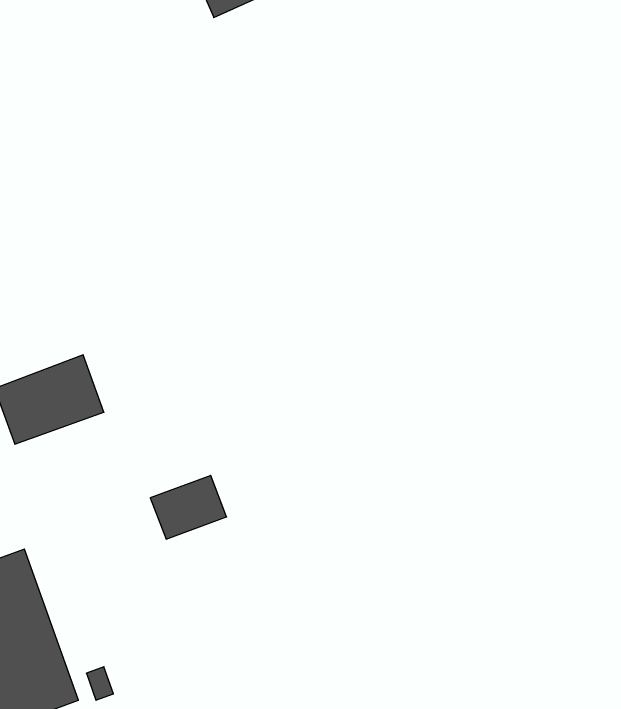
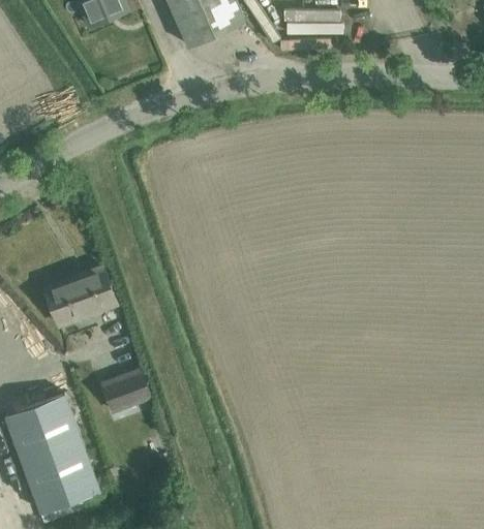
building: [150,475,227,539] -> [101,371,151,412]

